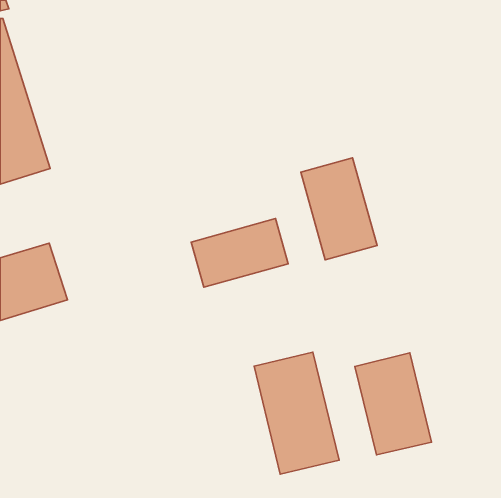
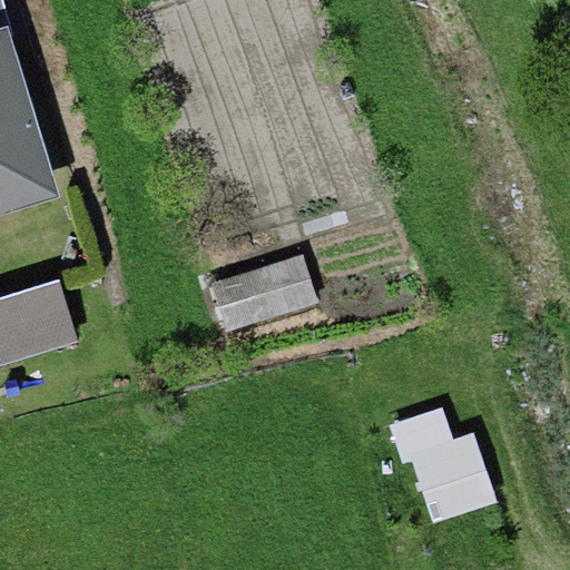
building: [301,158,377,260] -> none
building: [254,352,339,474] -> none

